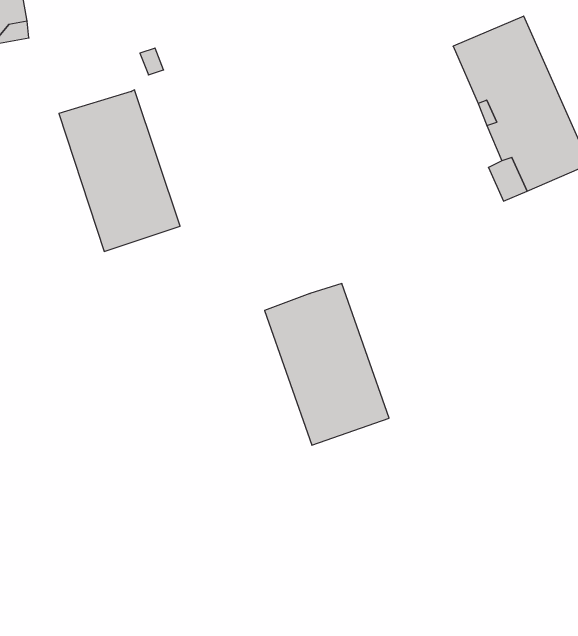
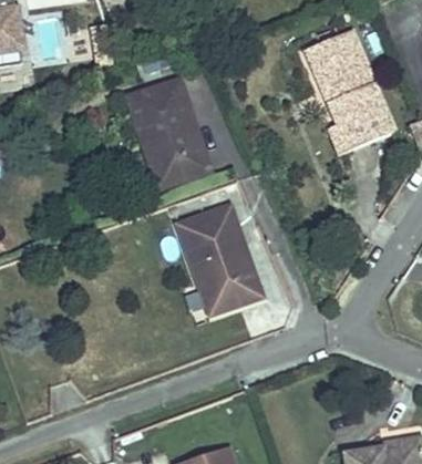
building: [59,90,180,251] -> [128,80,208,186]

